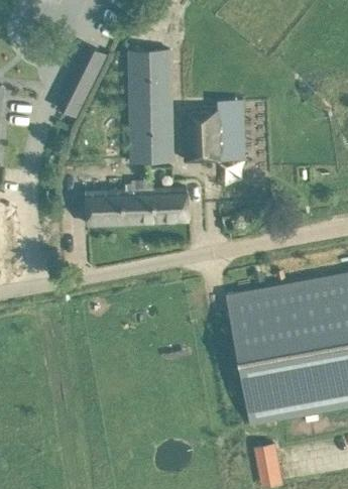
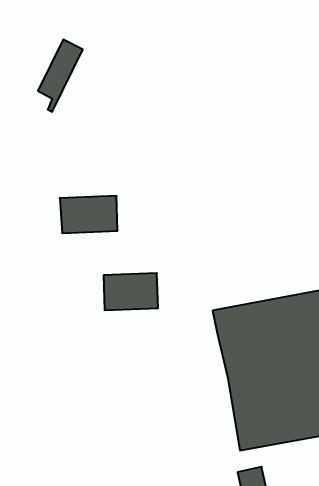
building: [128,50,171,164] -> none
building: [184,109,243,159] -> none
building: [136,188,187,222] -> [104,273,158,310]

